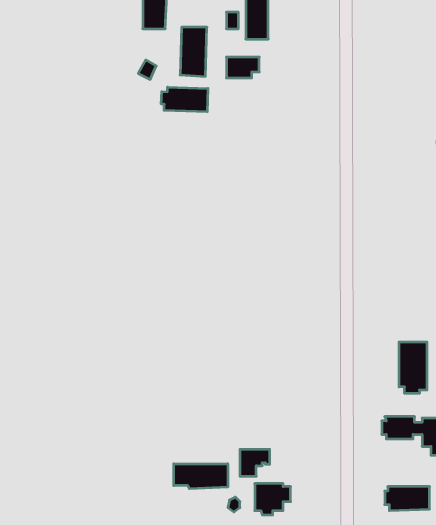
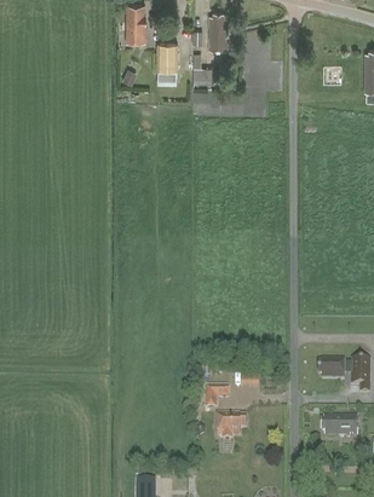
building: [161,87,208,112] -> none
building: [399,342,427,393] -> none
building: [174,464,228,489] -> none

